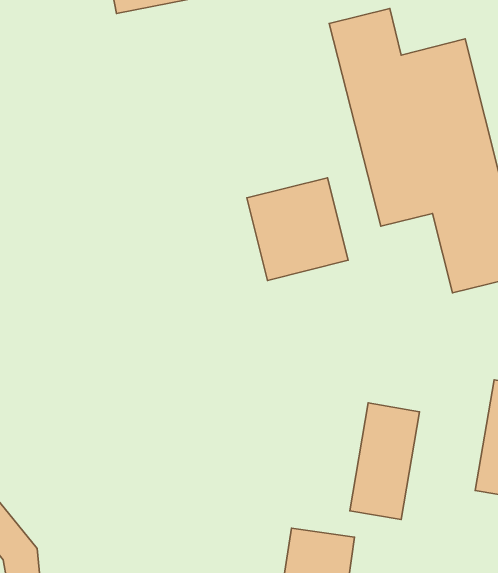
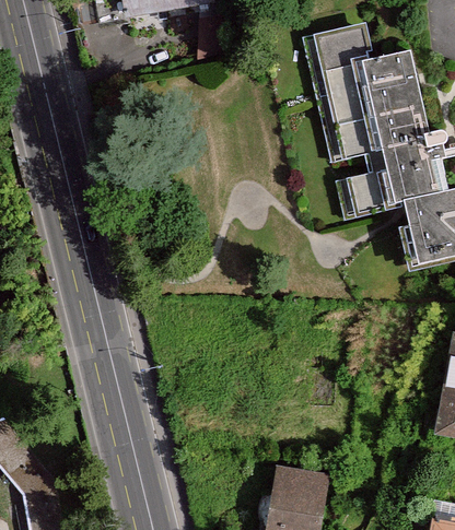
building: [247,178,348,280] -> none
building: [350,403,420,520] -> none

